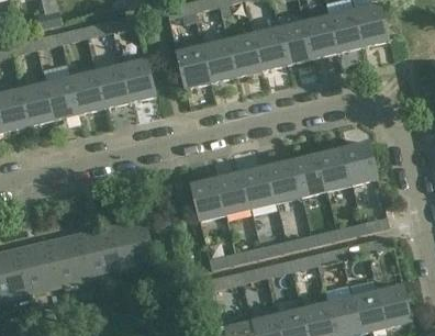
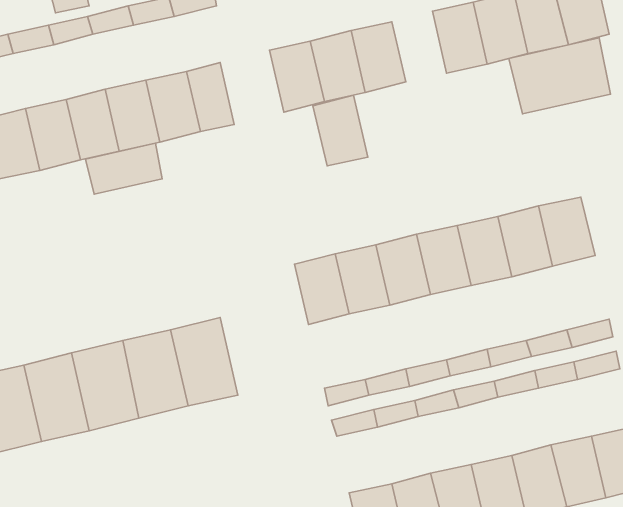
building: [250,26,285,70] -> [313,95,368,166]
building: none -> [509,38,611,114]
building: none -> [86,143,162,194]

